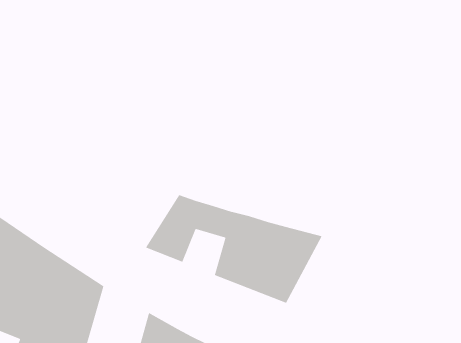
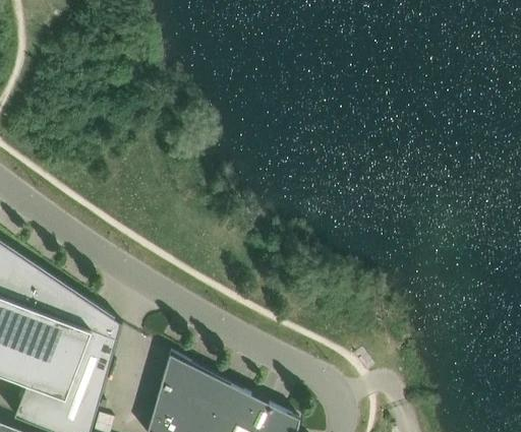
building: [145,194,323,304] -> none

